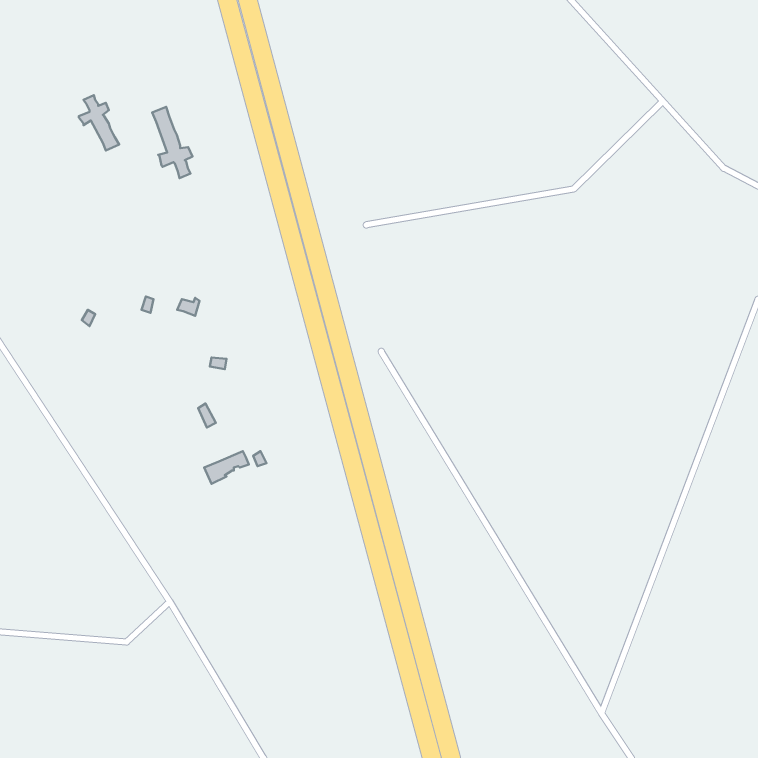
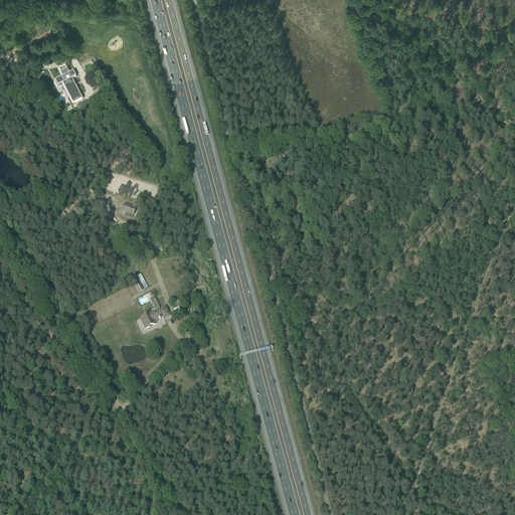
building: [152,107,192,178] -> none

